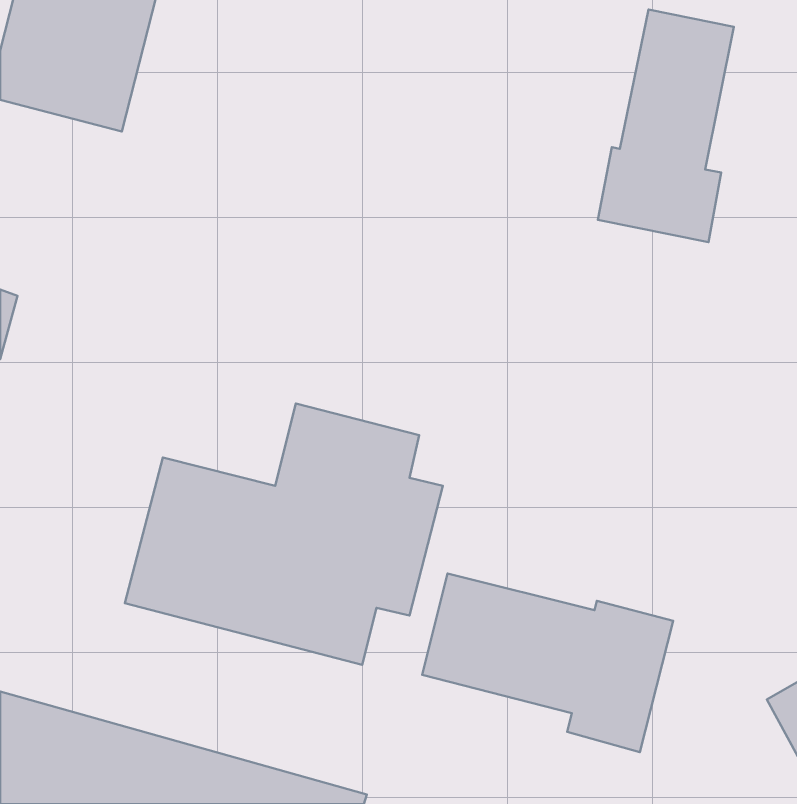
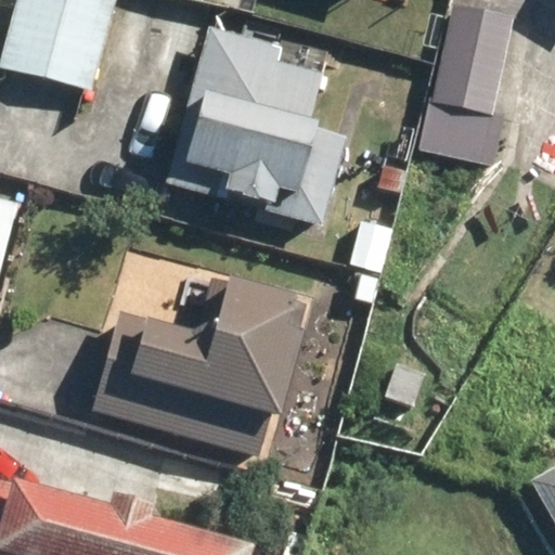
building: none -> [167,27,348,227]
building: [422,574,673,752] -> none

